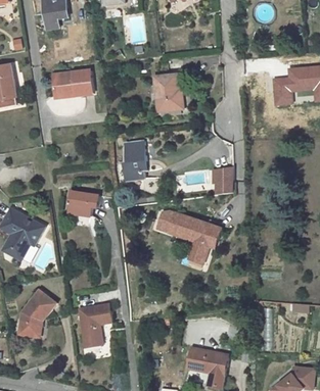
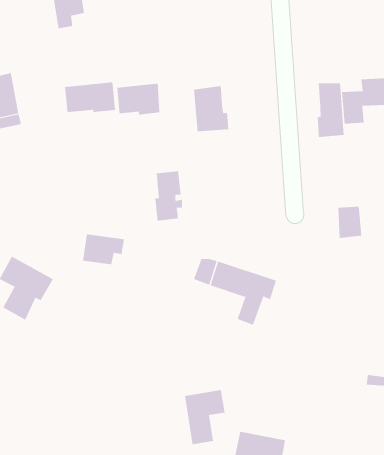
building: none -> [317,82,344,138]
building: none -> [117,83,160,115]
building: [212,167,231,193] -> [338,206,362,238]
building: [18,290,55,336] -> none
building: [79,303,111,347] -> [184,389,225,445]

